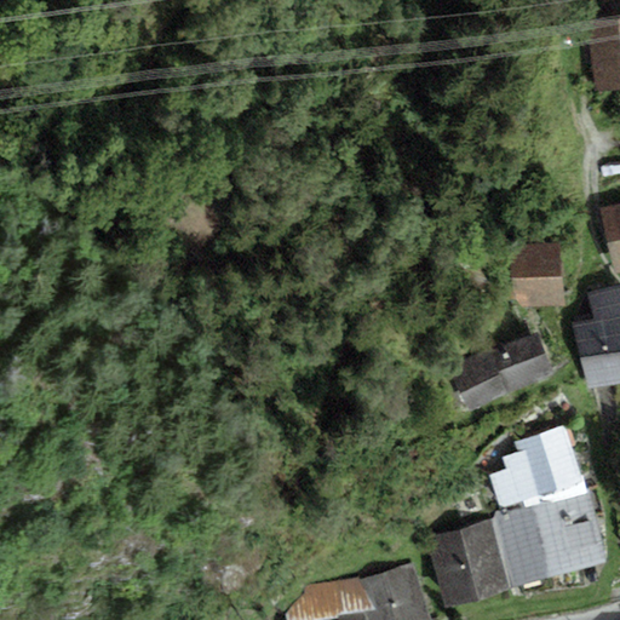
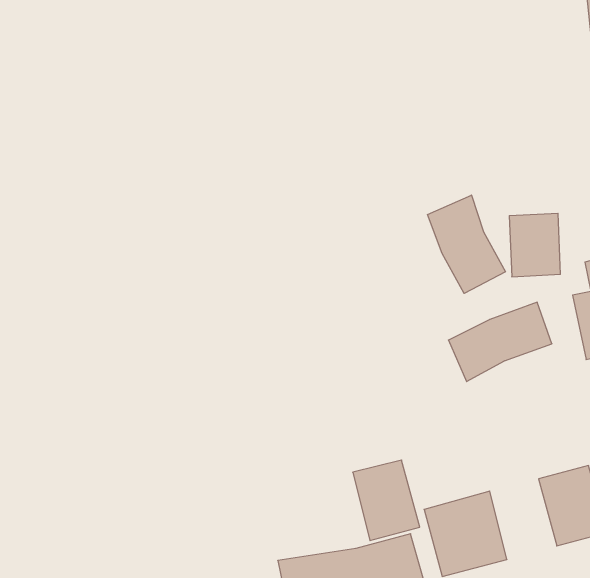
building: none -> [428,195,505,293]
building: [489,429,584,507] -> none
building: [492,509,558,589] -> [353,460,420,541]

